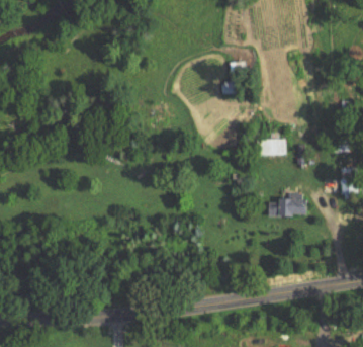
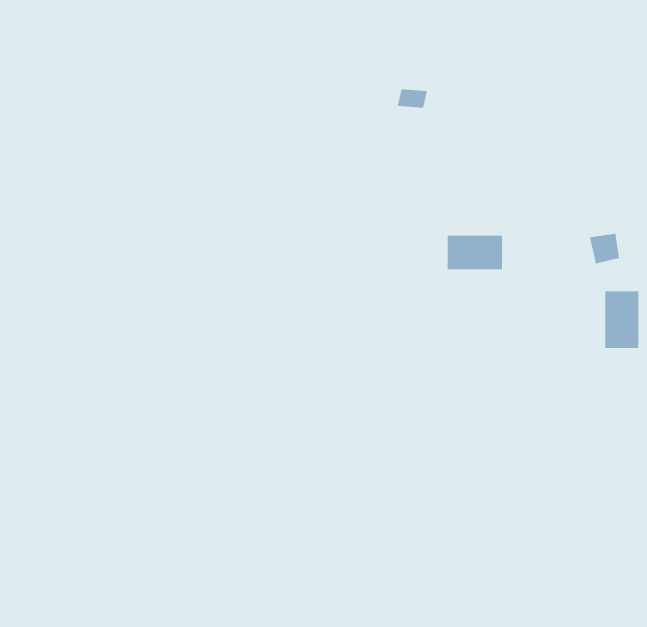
building: [269,195,308,214] -> none

